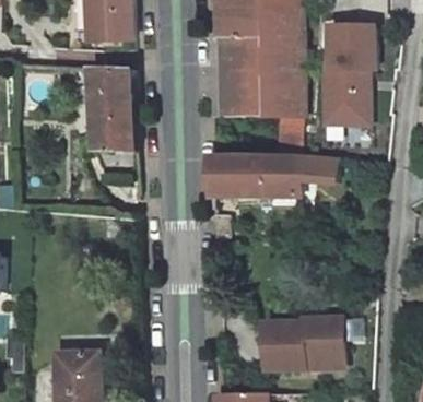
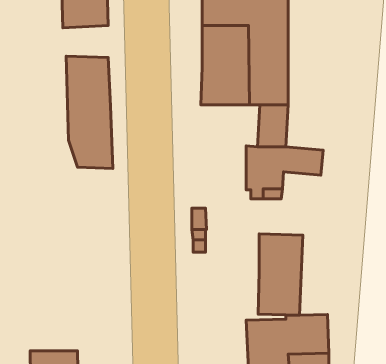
building: [326,19,375,139] -> none
building: [209,154,262,197] -> none
building: none -> [258,234,303,315]

